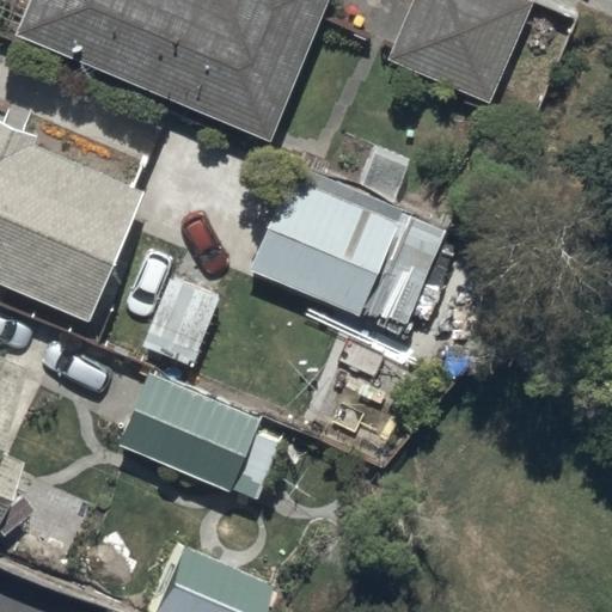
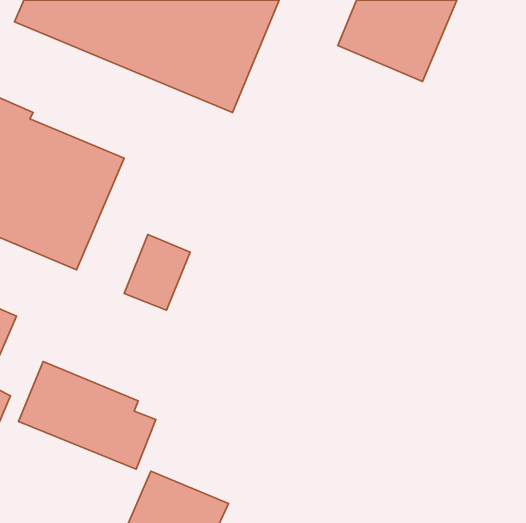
building: [253,179,398,314] -> none
building: [122,375,281,500] -> [18,362,156,469]

